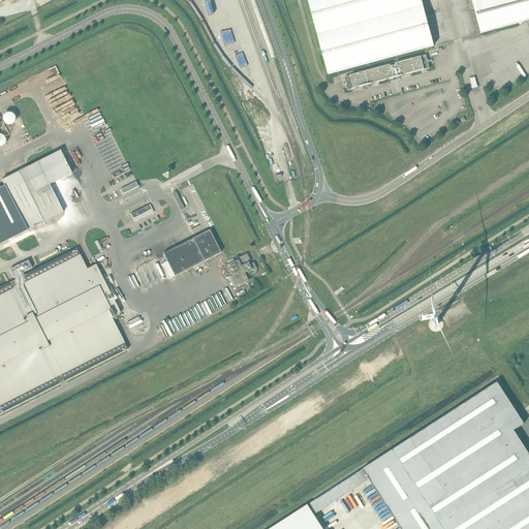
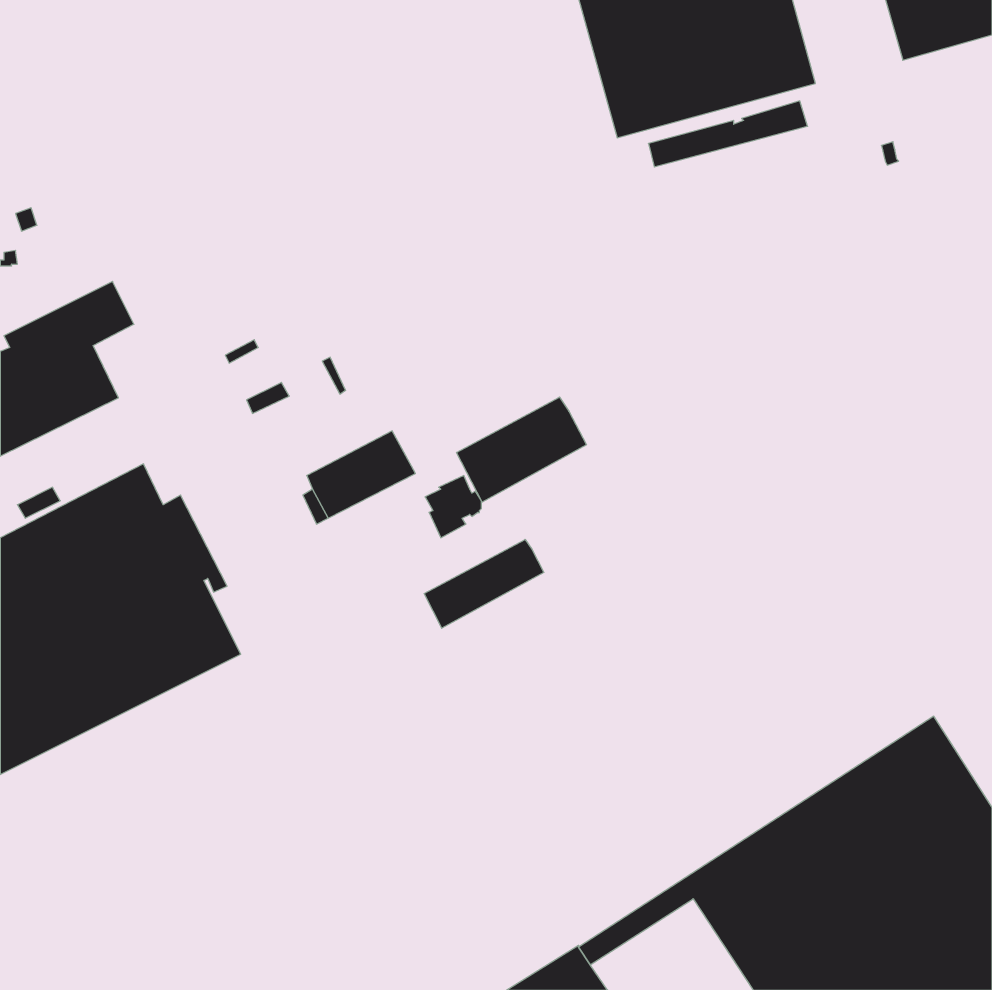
building: none -> [457,397,586,502]
building: none -> [424,539,544,628]

